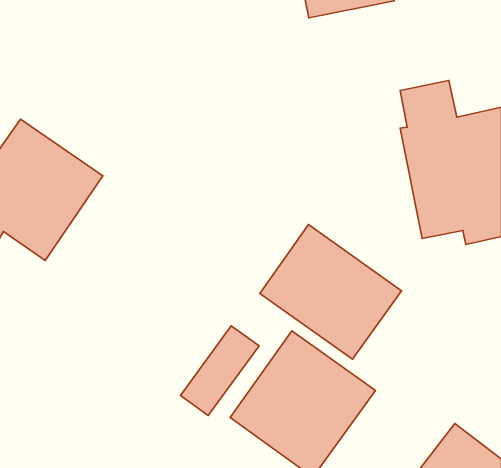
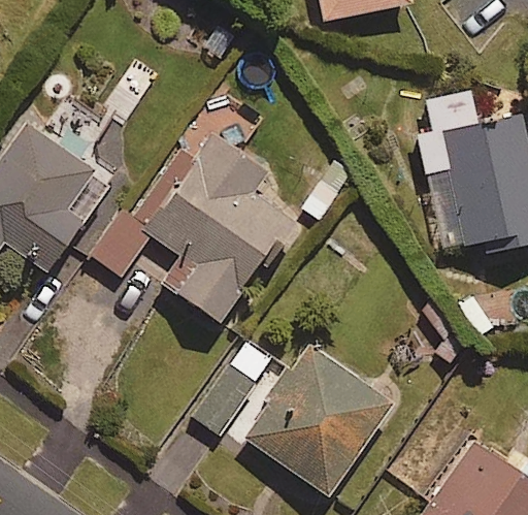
building: none -> [88,137,297,323]
building: [260,224,401,359] -> none

